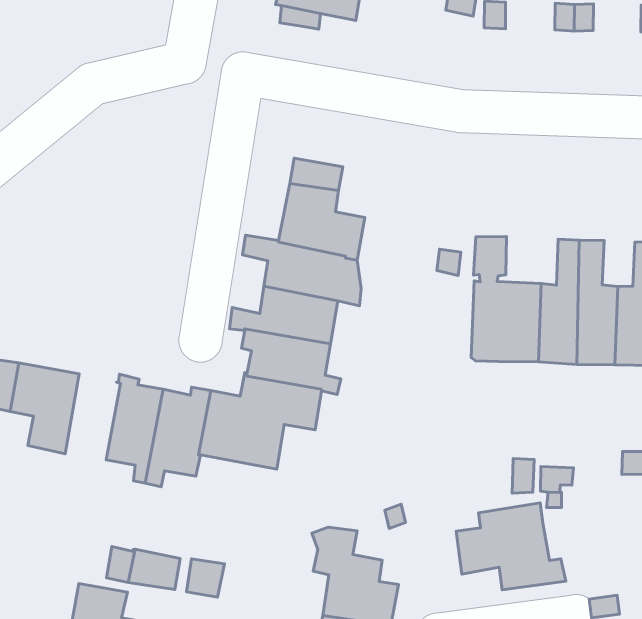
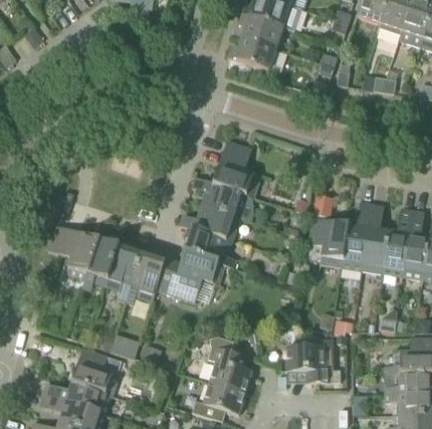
building: none -> [83,238,120,289]

